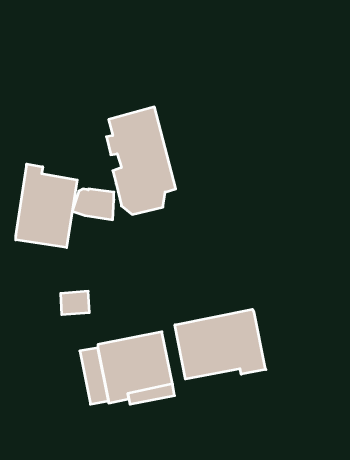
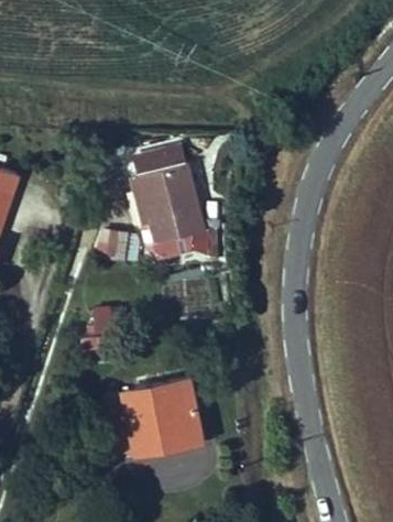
building: [16,164,77,248] -> none
building: [175,309,266,379] -> none

